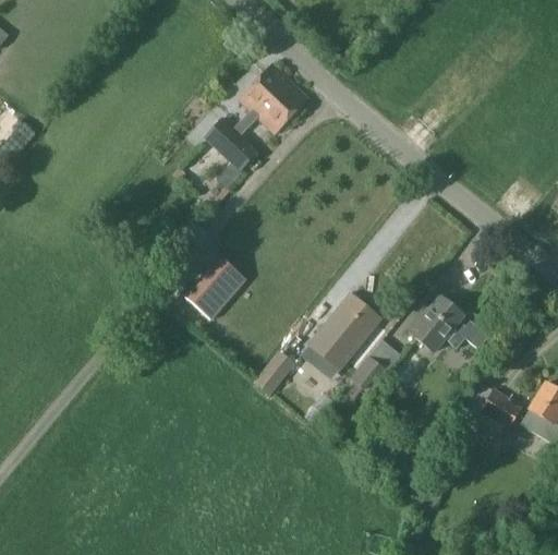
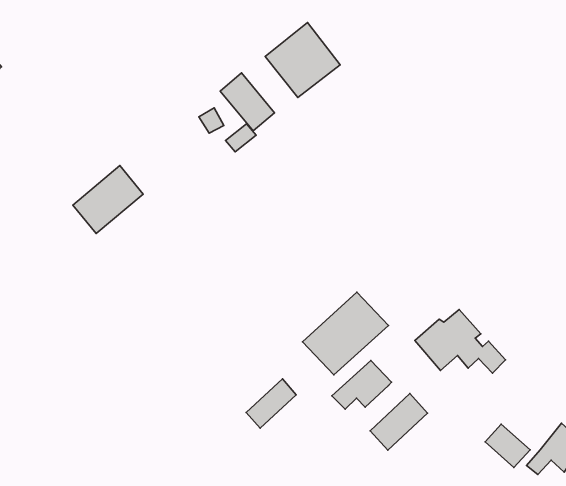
building: [185,256,245,318] -> [73,166,143,233]
building: [254,349,295,395] -> [246,379,296,428]
building: none -> [370,394,428,450]

